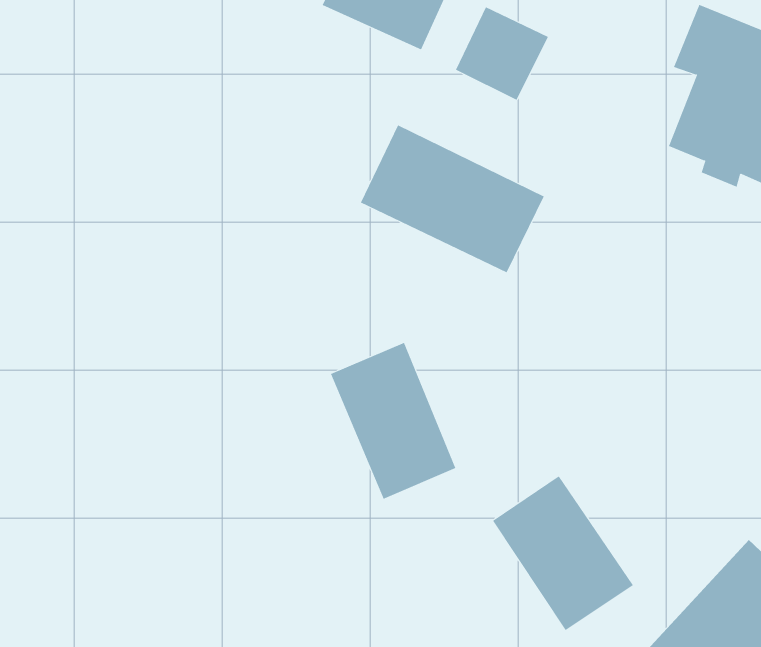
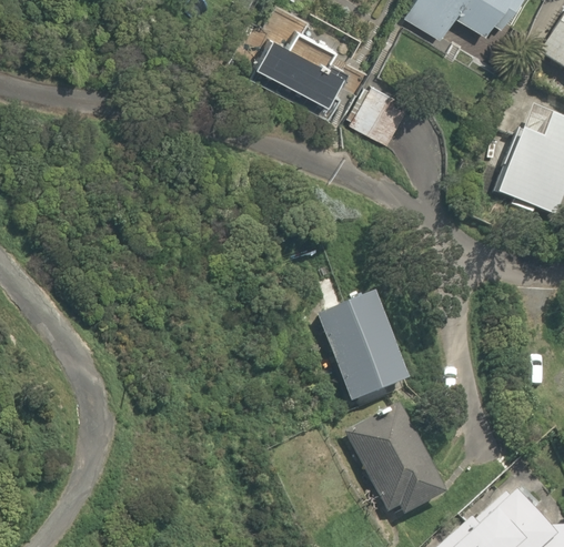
building: [360,124,545,273] -> none
building: [330,342,456,500] -> [324,292,406,399]

